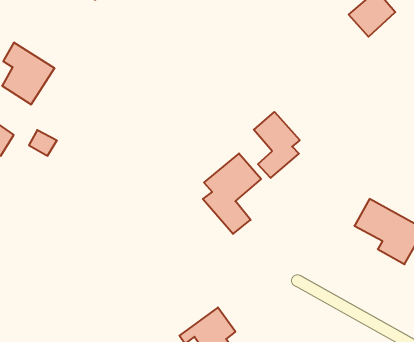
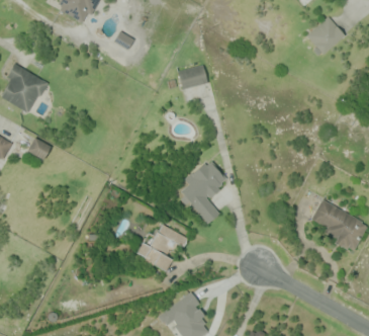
building: none -> [177,65,207,90]
building: [254,112,300,178] -> none
building: none -> [133,225,187,273]

